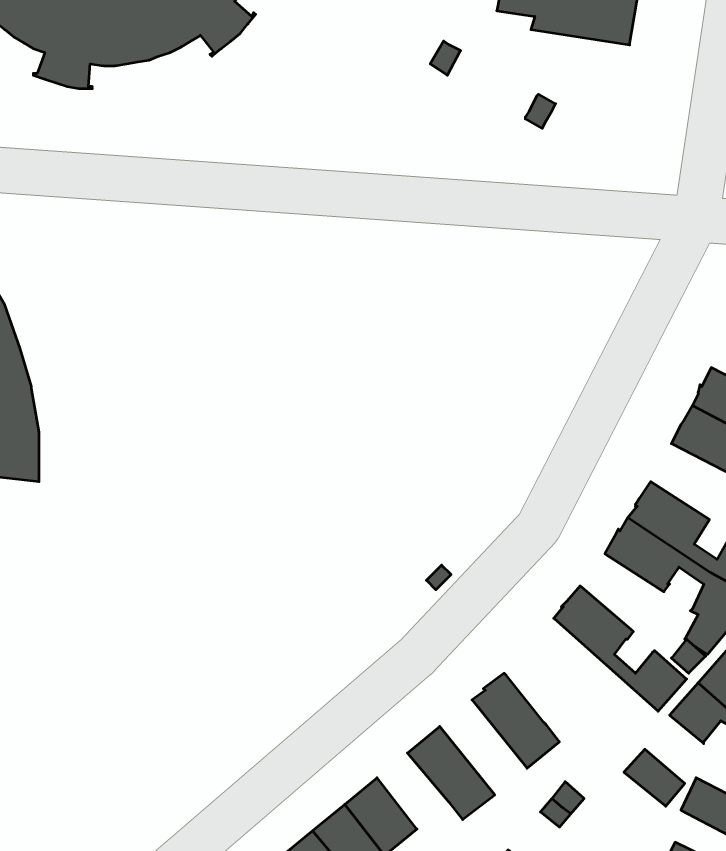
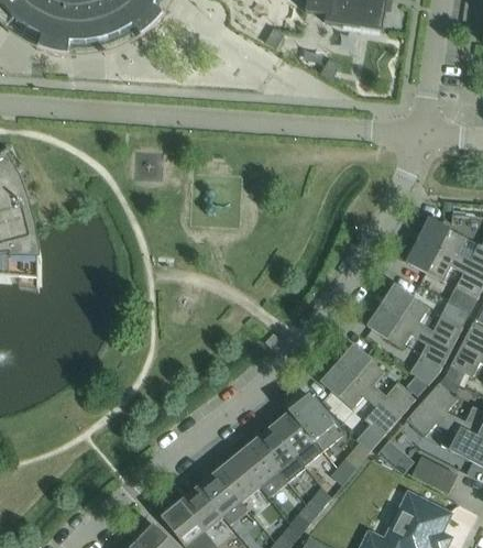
building: none -> [321,363,398,452]
building: none -> [272,410,322,465]
building: none -> [235,441,277,485]

